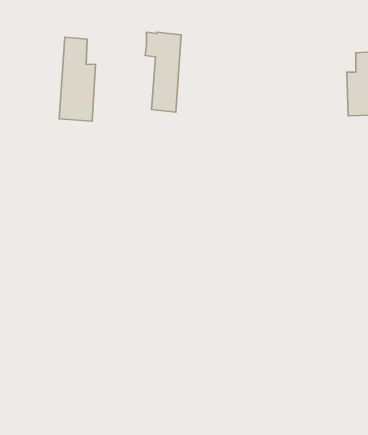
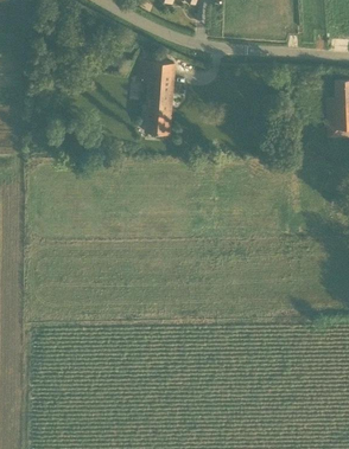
building: [59,37,95,121] -> none

